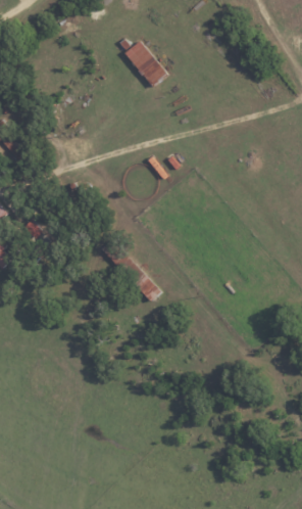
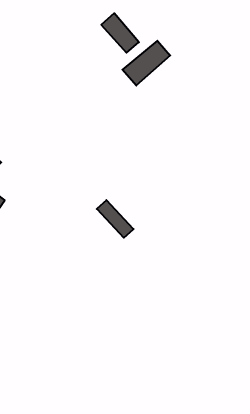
building: none -> [122,41,170,86]

